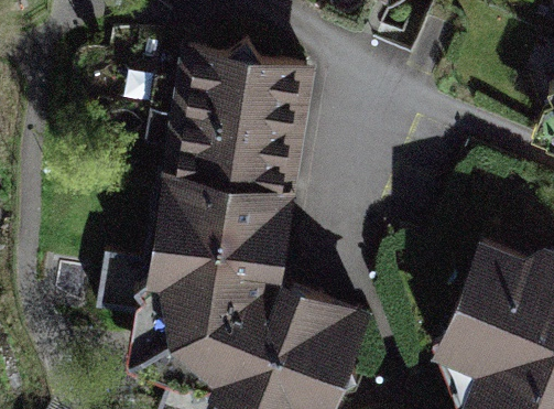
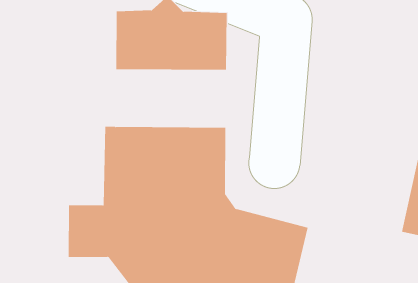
building: [167,117,296,197] -> none

